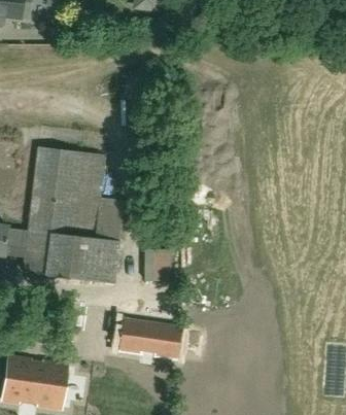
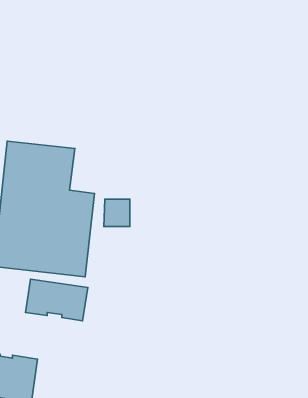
building: [148,249,174,276] -> [104,199,130,226]
building: [118,317,180,358] -> [25,279,88,321]

